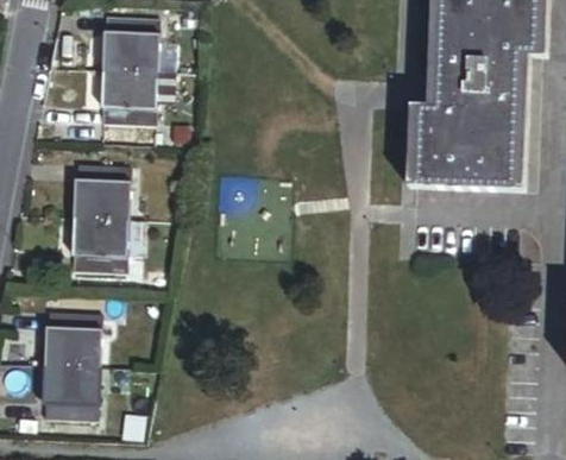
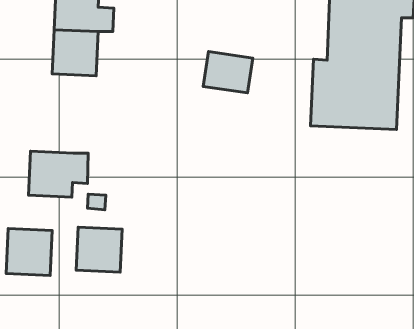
building: none -> [203,52,253,93]
building: [74,165,128,220] -> none
building: [42,366,98,421] -> [76,227,122,272]

